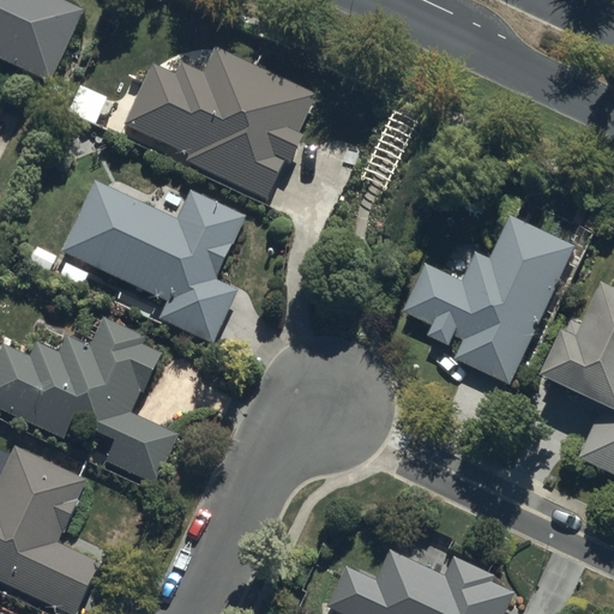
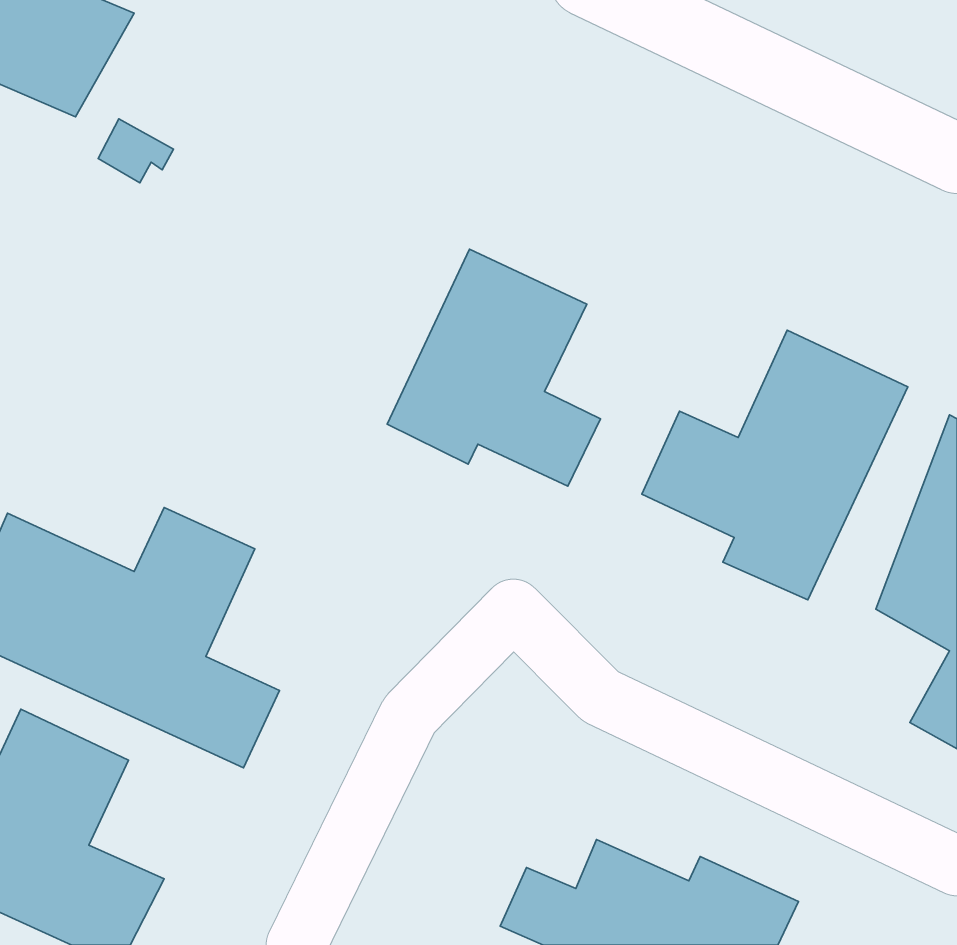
building: [122,48,318,195] -> none
building: none -> [387,249,601,486]
building: [60,179,242,343] -> none

